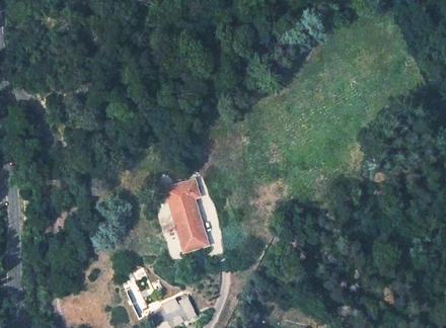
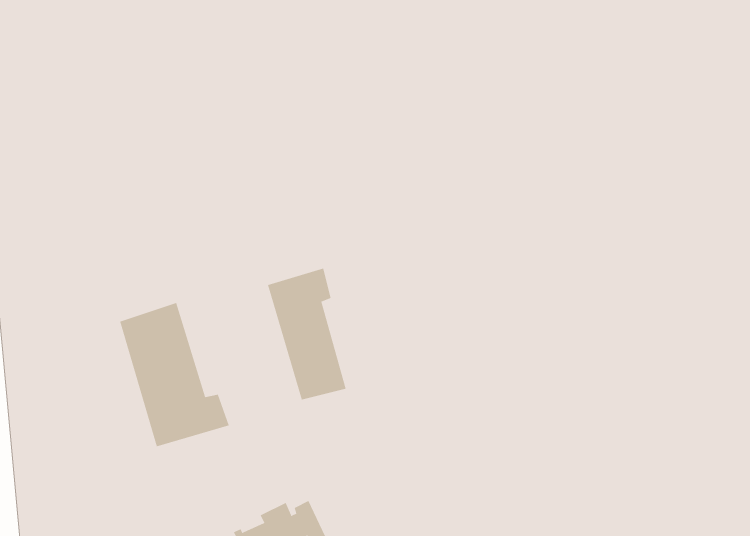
building: none -> [119,302,230,447]

